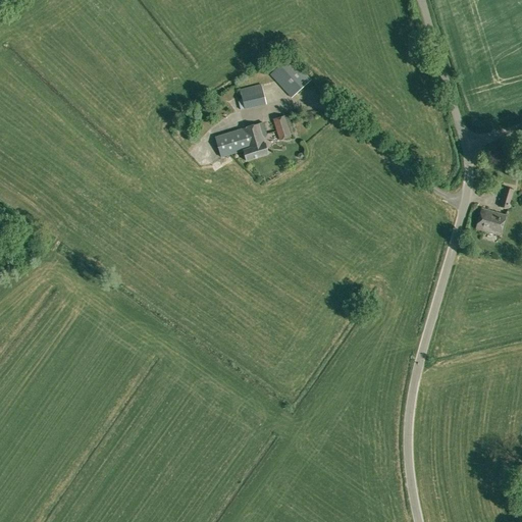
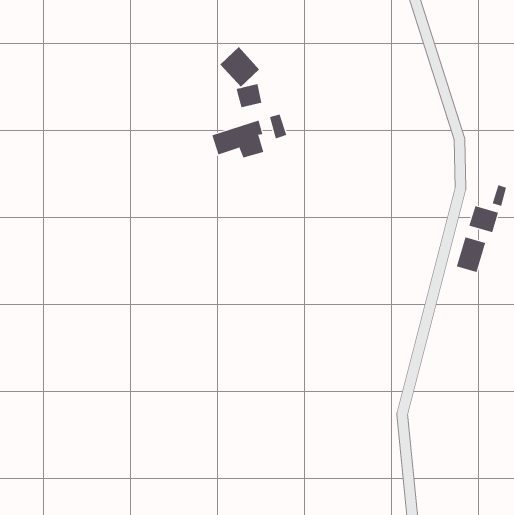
building: [269,56,310,98] -> [220,46,260,88]
building: none -> [456,237,486,273]

